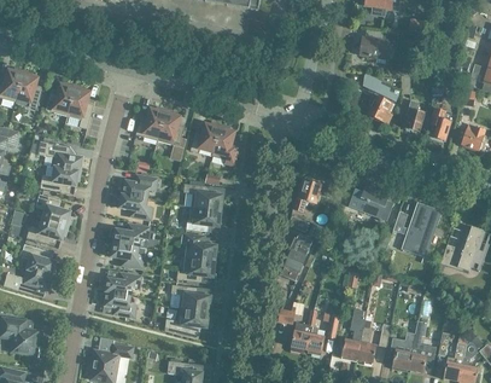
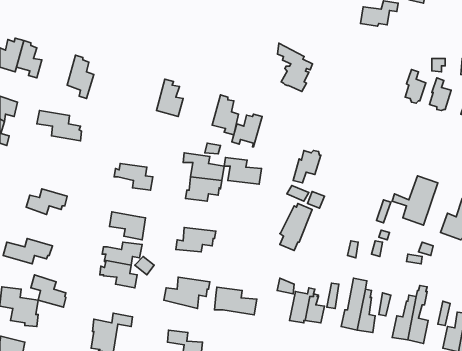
building: [363,74,398,122] -> [278,43,313,92]
building: [46,82,76,115] -> none
building: [135,108,165,140] -> none
building: [191,122,221,155] -> [232,114,262,147]
building: [41,166,81,191] -> none
building: [121,174,158,197] -> none
building: [356,184,388,219] -> none
building: [36,193,71,226] -> none
building: [110,222,150,246] -> none
building: [181,234,218,261] -> [224,158,262,184]
building: [21,243,55,275] -> [31,275,66,307]
building: [170,284,212,312] -> [214,287,257,315]

